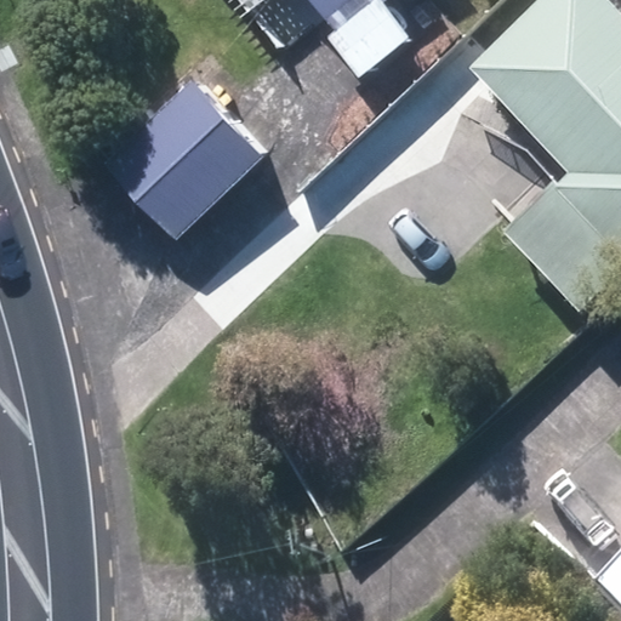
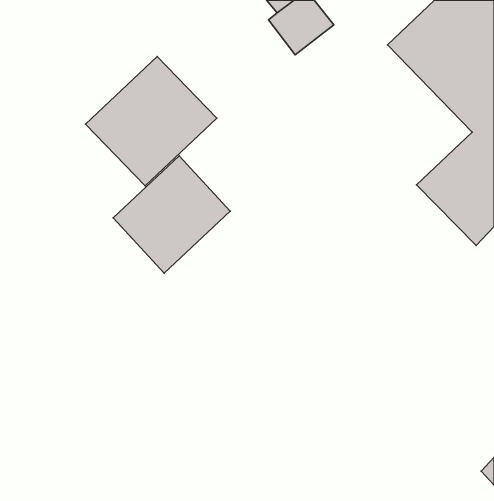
building: none -> [113,156,230,273]

